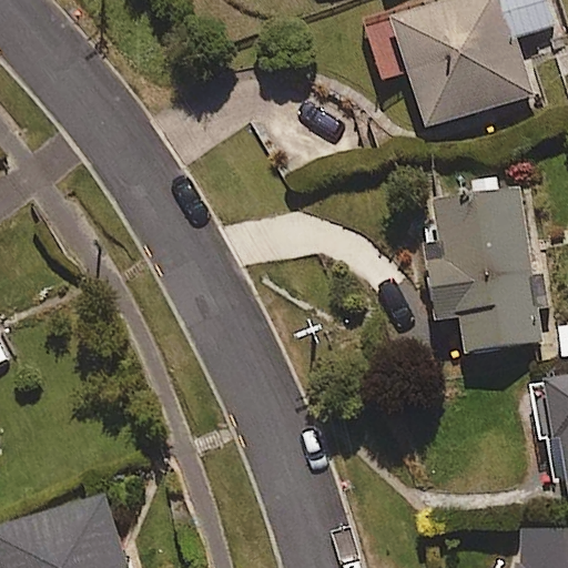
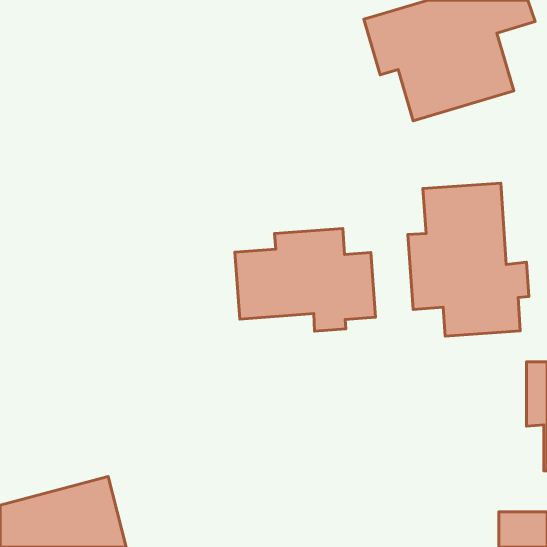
building: none -> [235,229,376,331]

